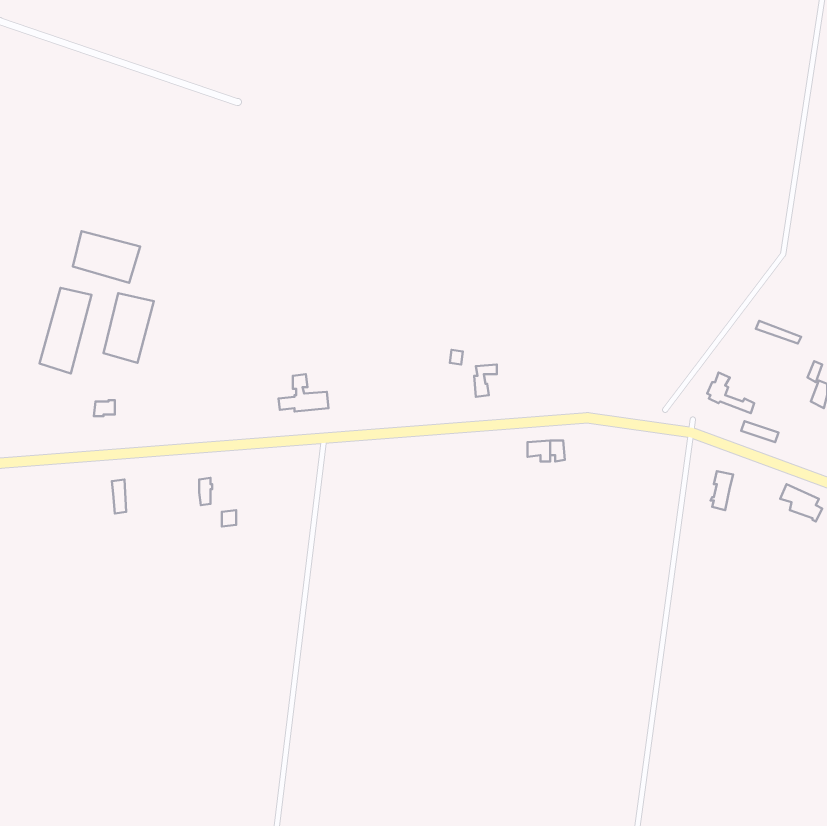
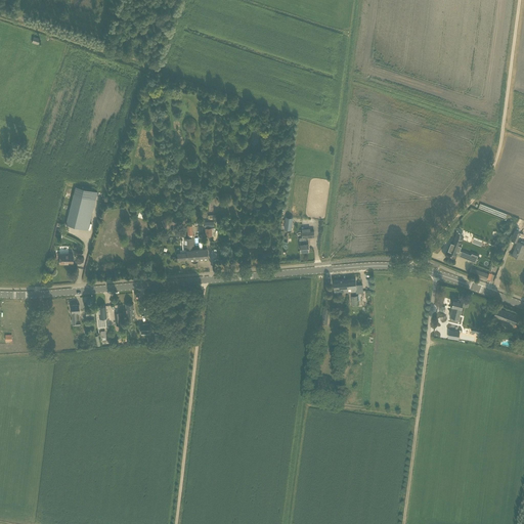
building: [73,231,140,283] -> none
building: [40,288,91,373] -> none

